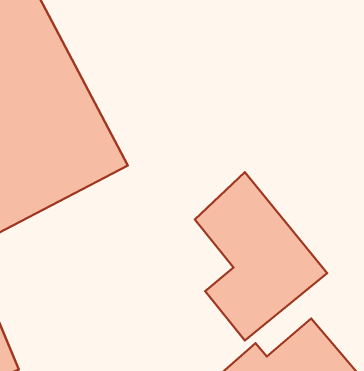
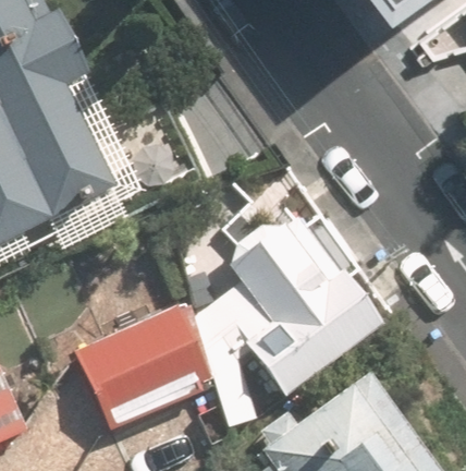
building: none -> [75,306,207,430]

